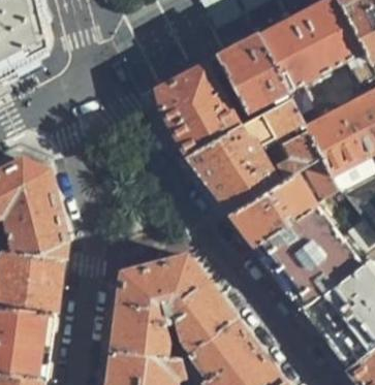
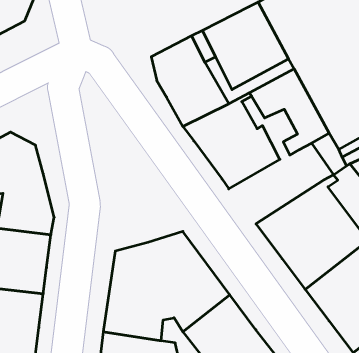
building: [229,177,319,247] -> none

